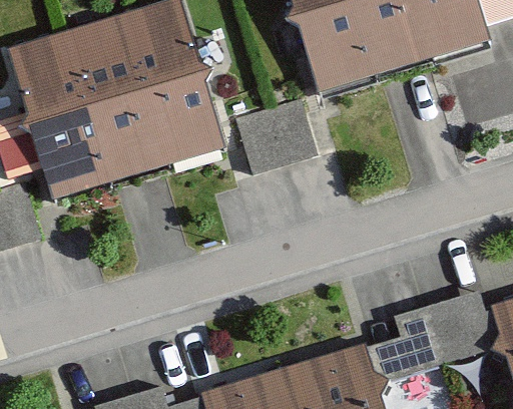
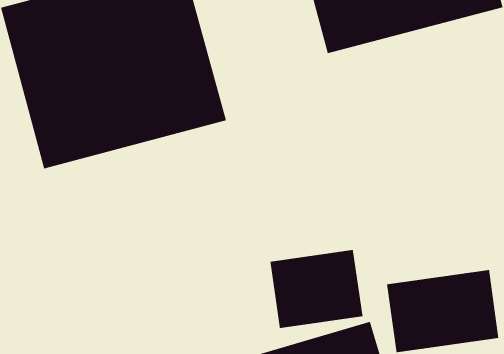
building: [227,93,312,172] -> none
building: none -> [270,249,363,329]

